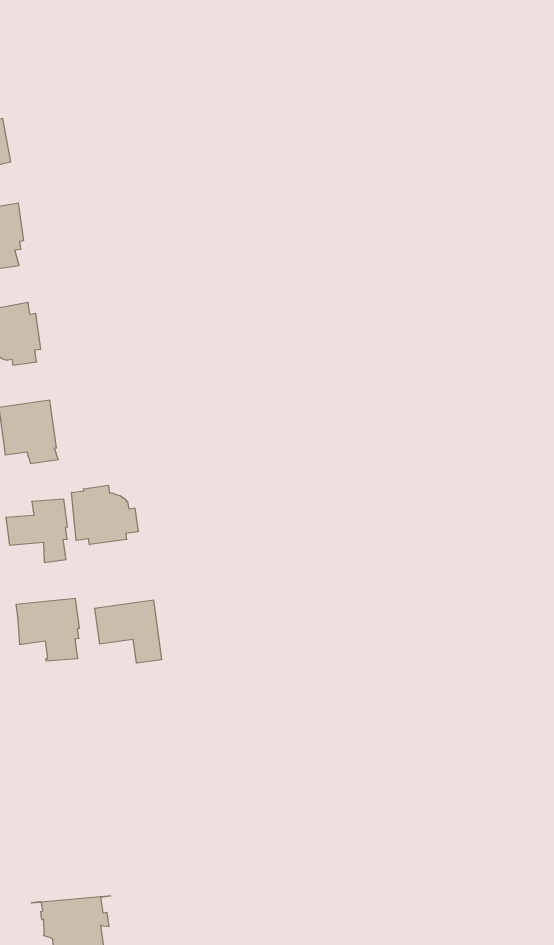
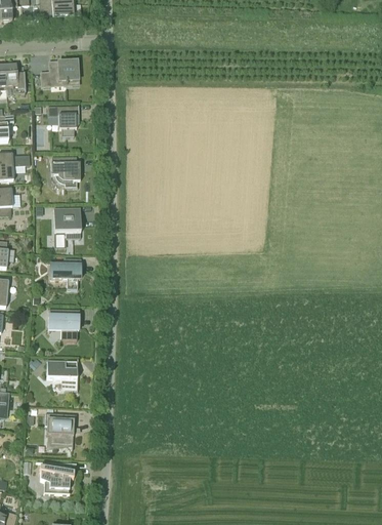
building: [72,485,138,545] -> none
building: [94,600,162,663] -> [46,360,77,391]
building: none -> [44,412,76,449]

